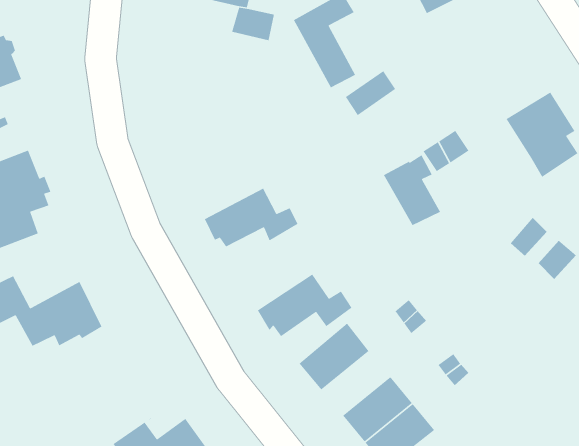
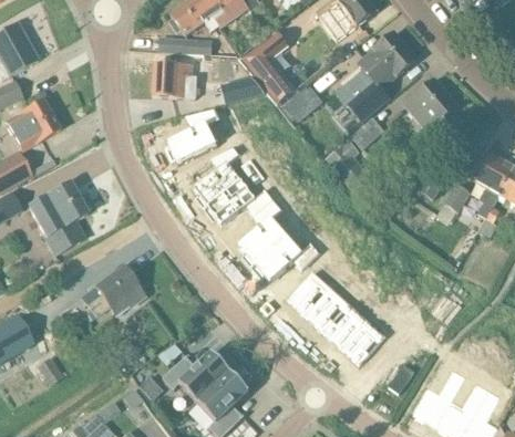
building: none -> [153,62,196,98]
building: none -> [337,32,416,122]
building: none -> [165,108,218,164]
building: none -> [192,147,241,208]
building: none -> [236,201,286,267]
building: none -> [305,283,352,332]

